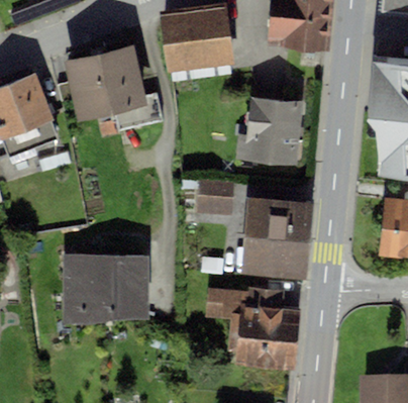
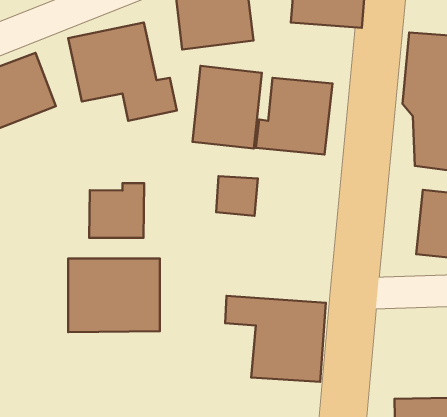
building: none -> [192,66,262,149]
building: none -> [89,183,144,238]
building: [242,196,312,273] -> none

